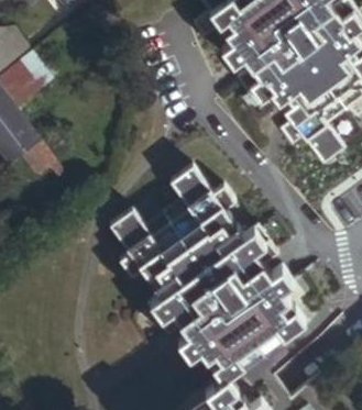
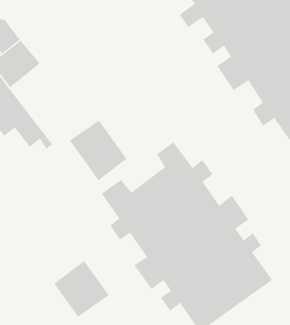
building: none -> [69,120,127,181]
building: none -> [54,260,110,317]

